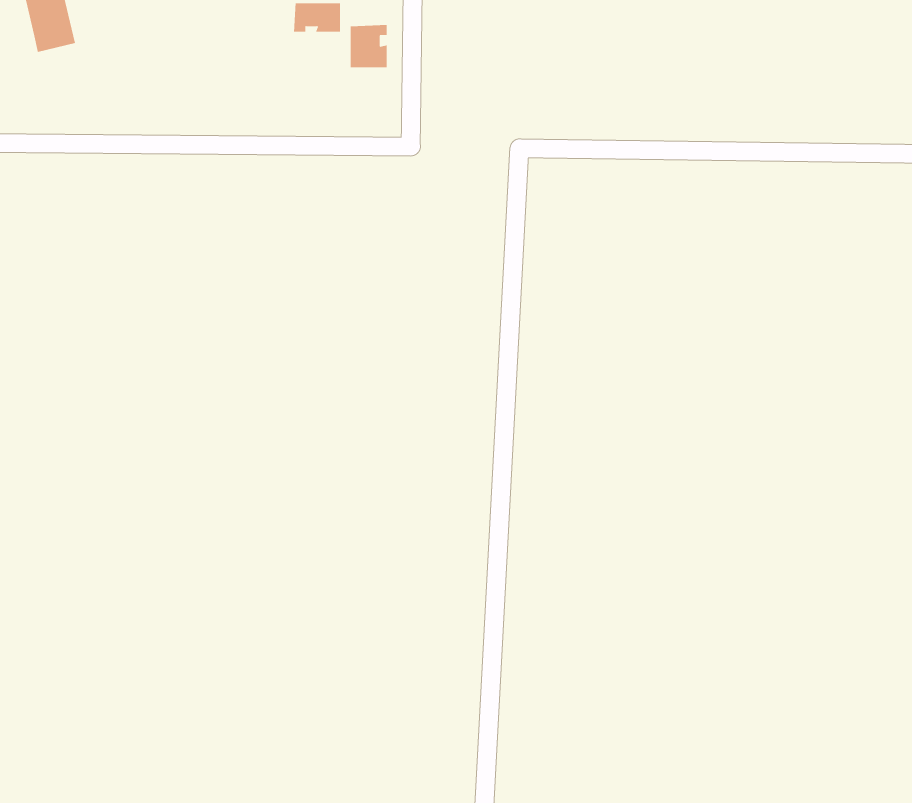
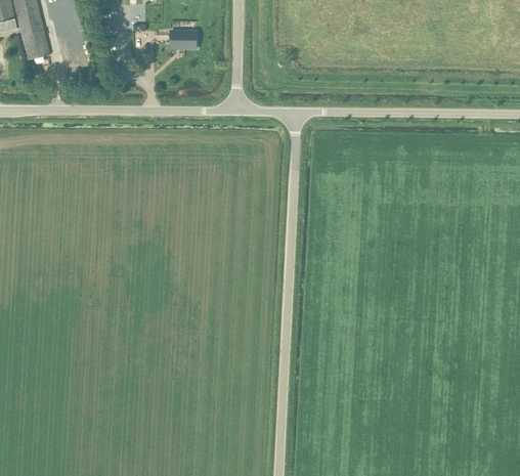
building: [350,24,387,68] -> none

